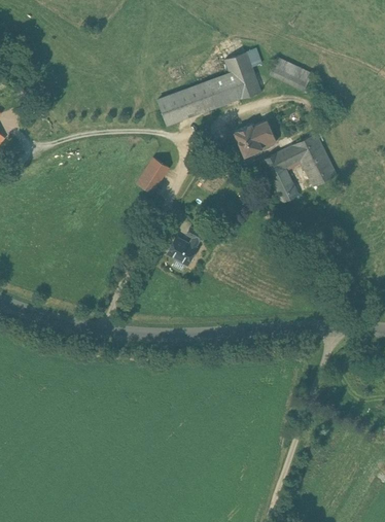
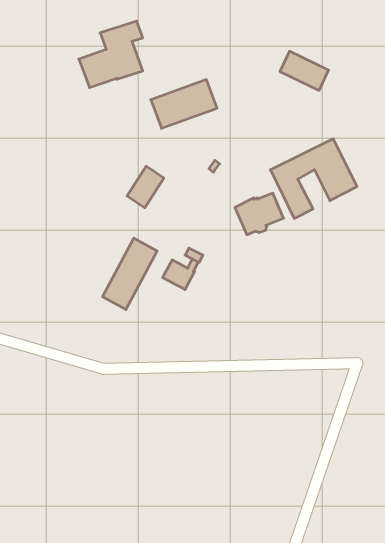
building: [205,49,260,107] -> [79,21,143,88]
building: [234,120,276,156] -> [235,193,284,235]
building: none -> [103,238,157,310]

